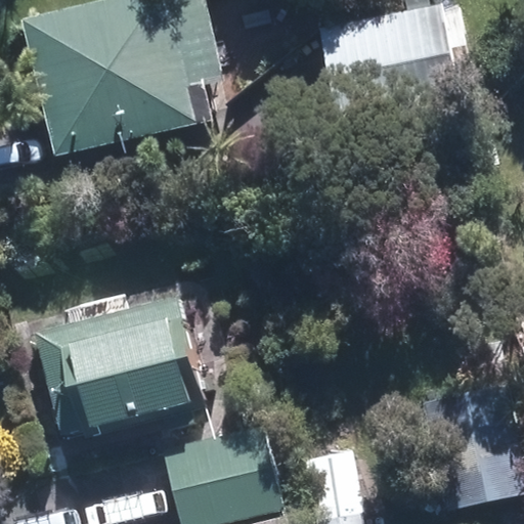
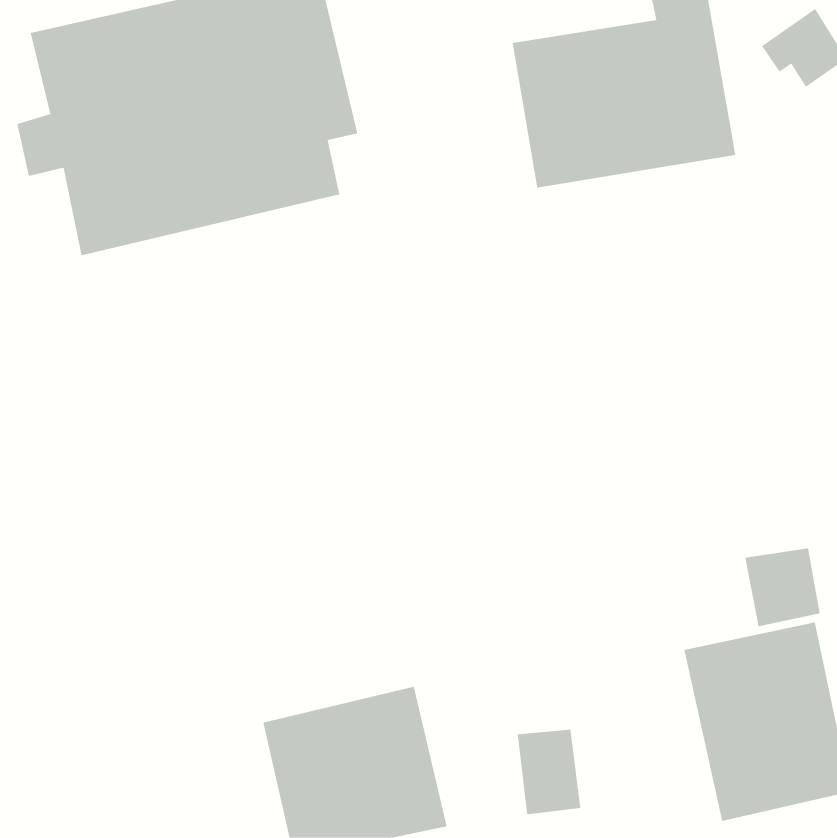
building: [35,297,193,436] -> none

